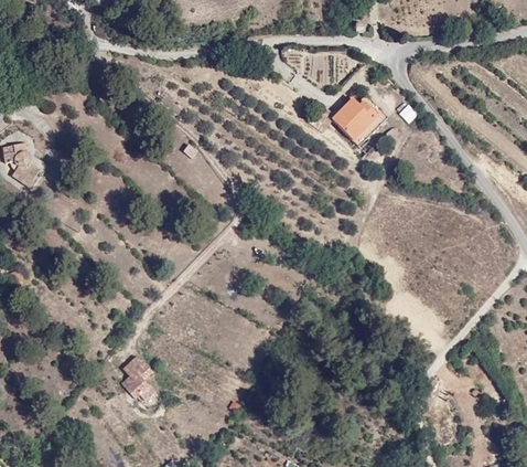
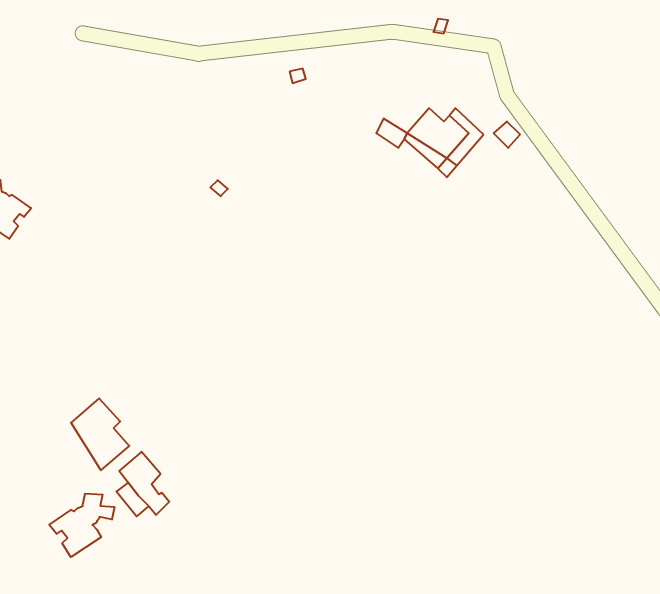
building: none -> [71,398,129,470]
building: none -> [49,494,114,557]

